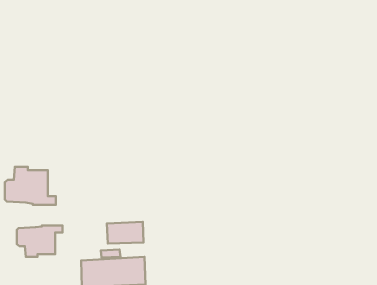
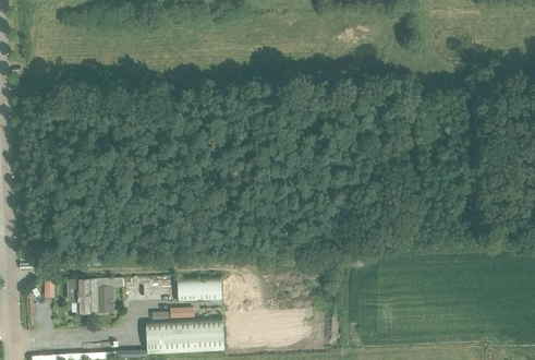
building: [5,167,56,205] -> none

